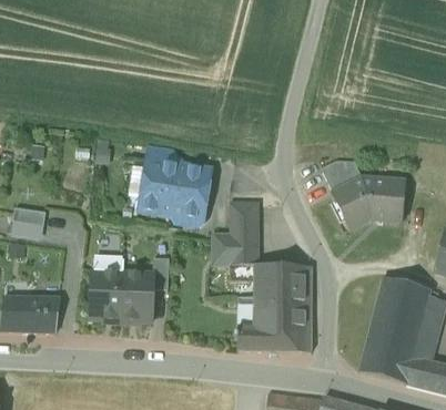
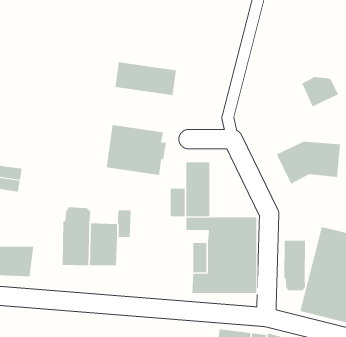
building: none -> [115,61,177,96]
building: [322,160,364,194] -> [301,77,339,107]
building: none -> [284,240,306,291]

